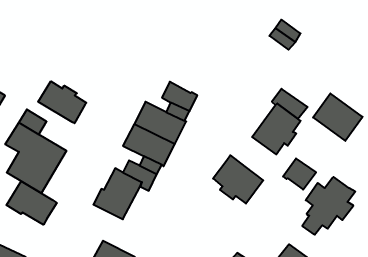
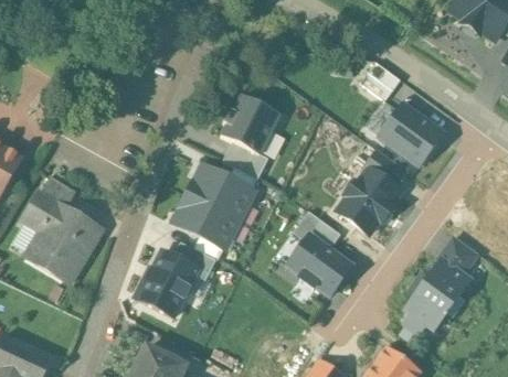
building: none -> [220,95,279,155]
building: [38,81,86,123] -> none
building: [313,93,363,141] -> [379,105,442,165]
building: none -> [293,211,339,249]
building: [283,158,316,190] -> [435,237,477,277]
building: [6,181,57,225] -> none

